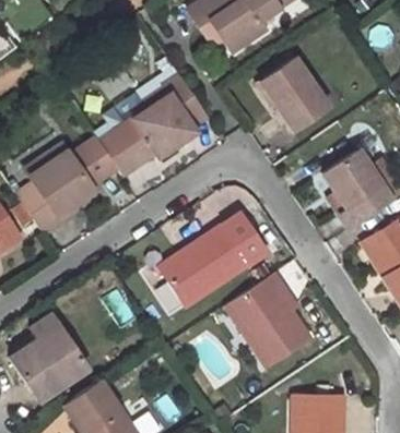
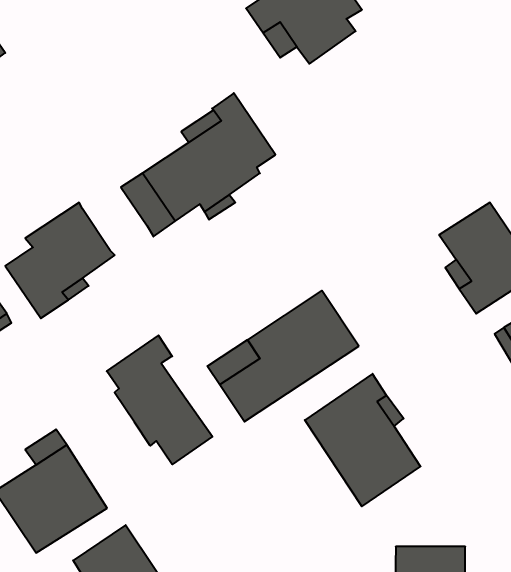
building: [259,58,328,130] -> none
building: [71,139,117,184] -> none
building: none -> [107,335,212,464]

